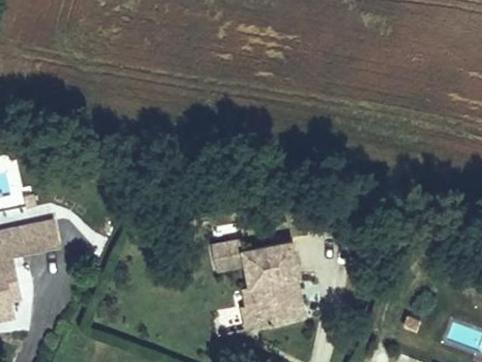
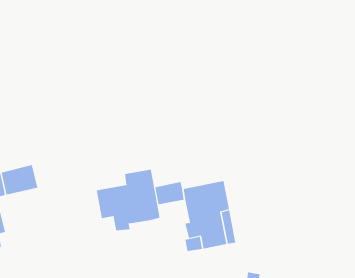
building: none -> [96,169,160,231]

